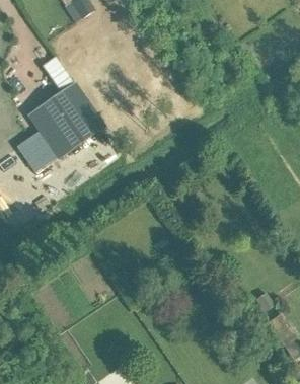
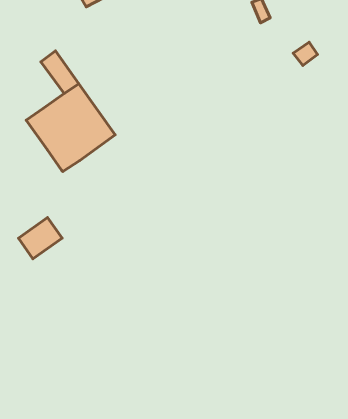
building: [22,138,59,172] -> [18,218,62,259]

